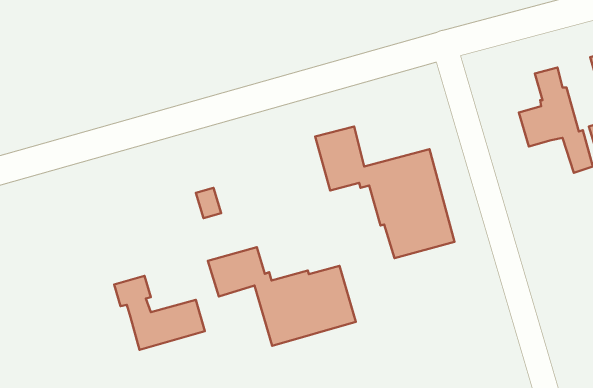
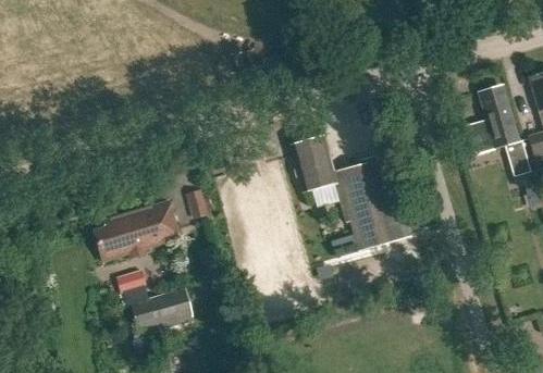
building: none -> [95,201,181,259]
building: [208,247,356,346] -> none

